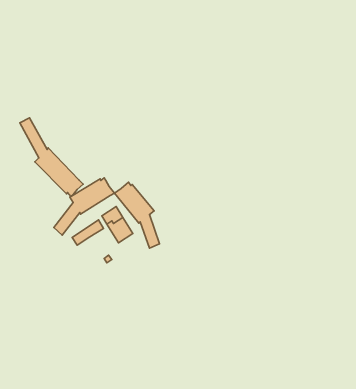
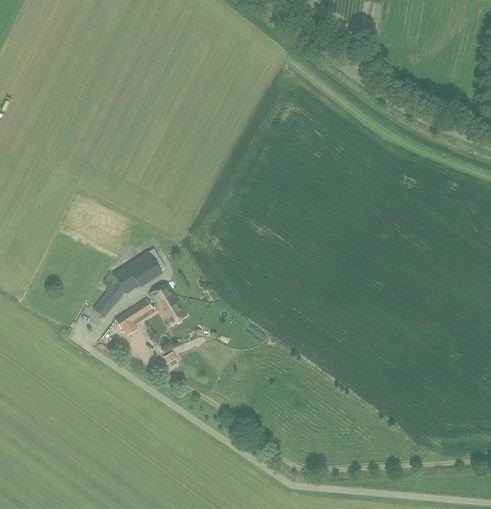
building: [20,118,83,197] -> none
building: [114,182,160,248] -> none

